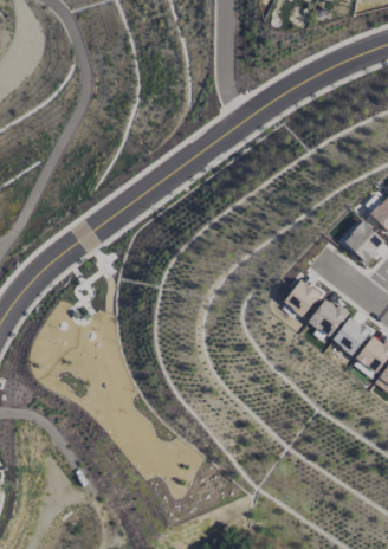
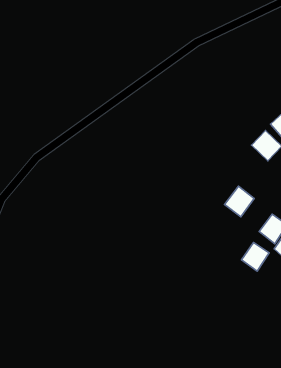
building: [284,279,321,317] -> none
building: [332,317,370,356] -> [241,243,269,271]

